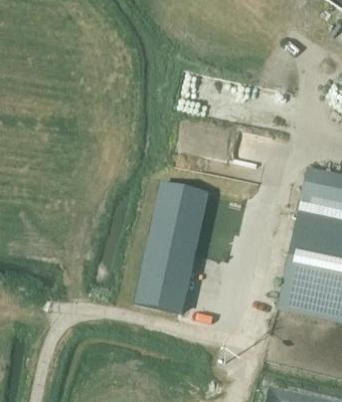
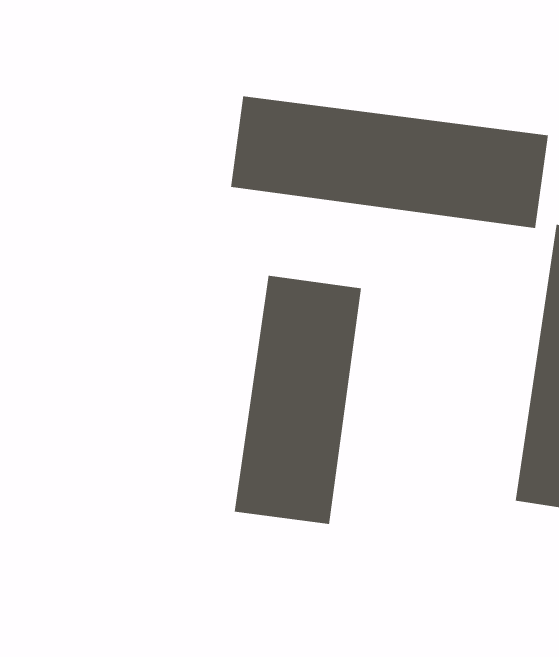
building: none -> [230,95,549,229]

